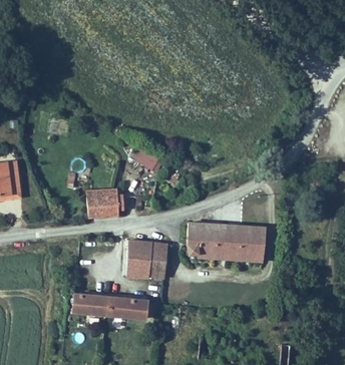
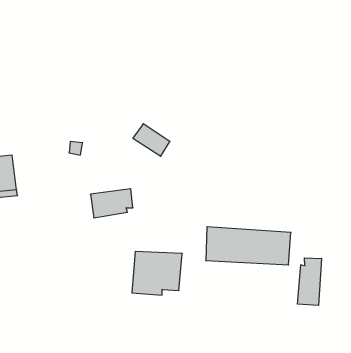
building: none -> [298,258,321,305]
building: [71,295,149,322] -> none

